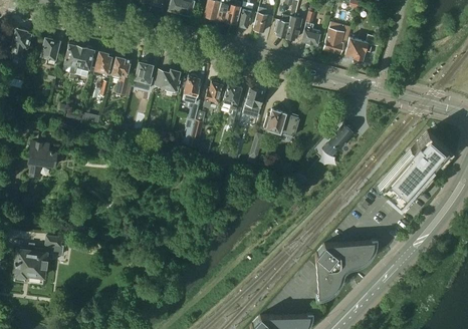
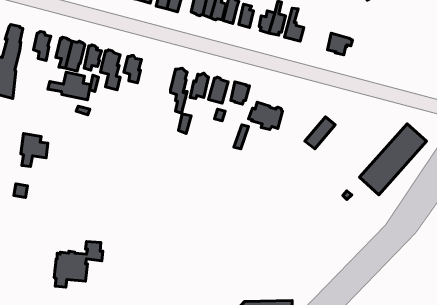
building: [323,28,344,54] -> none
building: [156,70,181,91] -> none
building: none -> [48,72,90,100]
building: [14,236,64,283] -> [54,241,103,287]
building: [315,240,374,297] -> none

